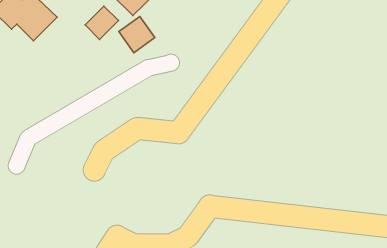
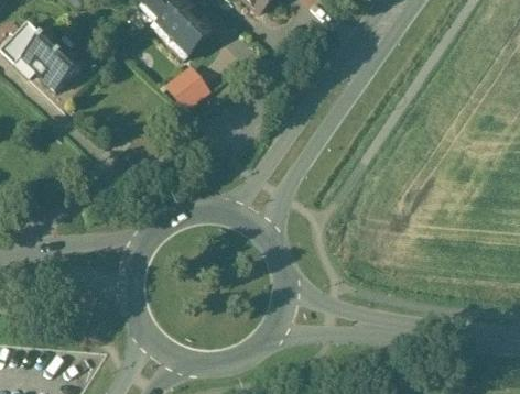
building: [85,6,118,39] -> none

